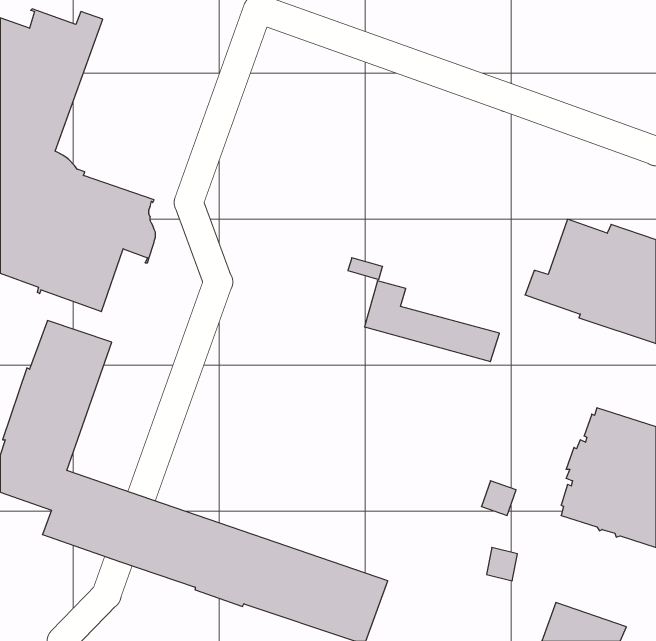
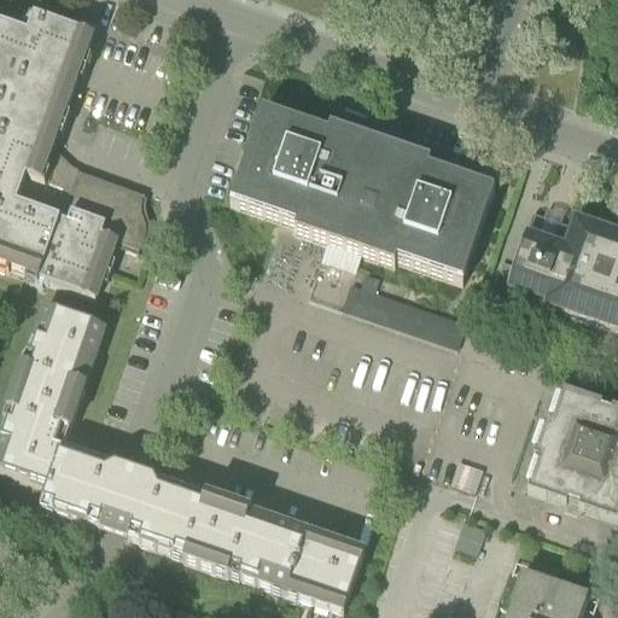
building: none -> [229,104,495,278]

